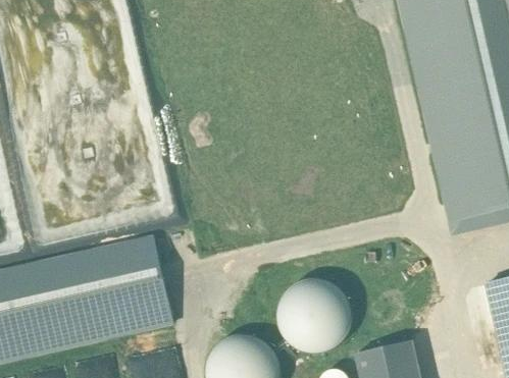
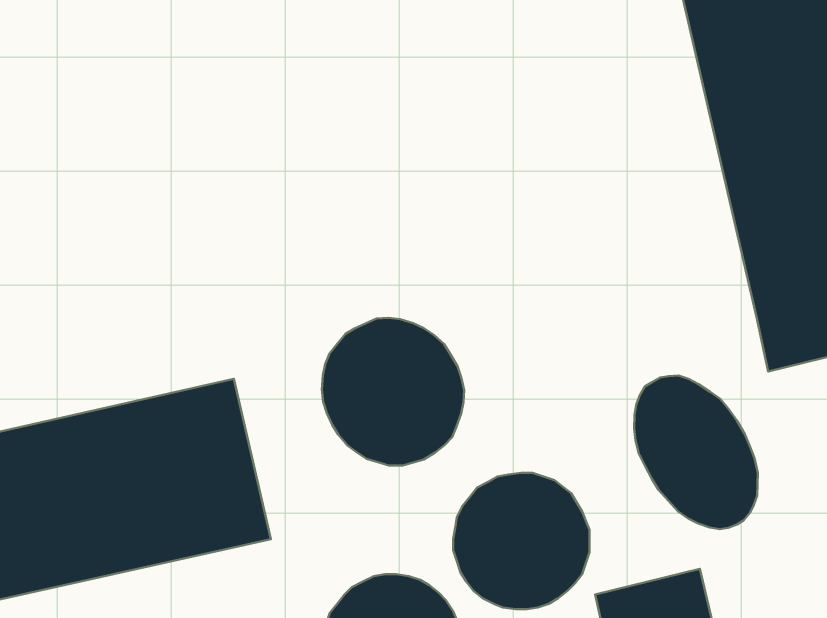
building: none -> [322,318,464,465]
building: none -> [634,376,758,529]

